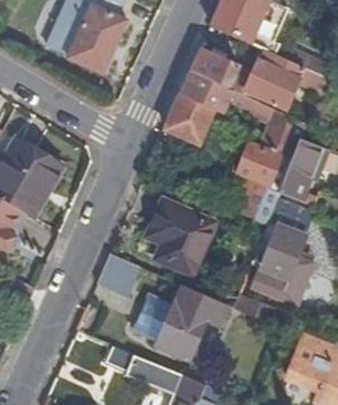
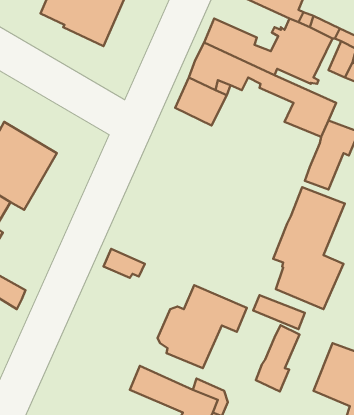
building: [233,139,294,222] -> none
building: [152,199,213,272] -> none
building: none -> [256,325,299,392]

